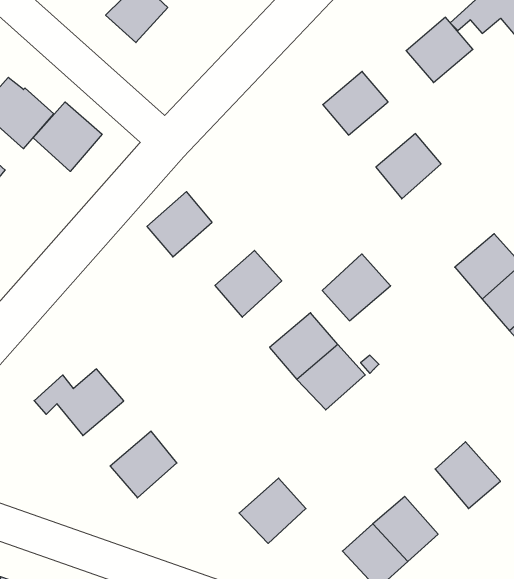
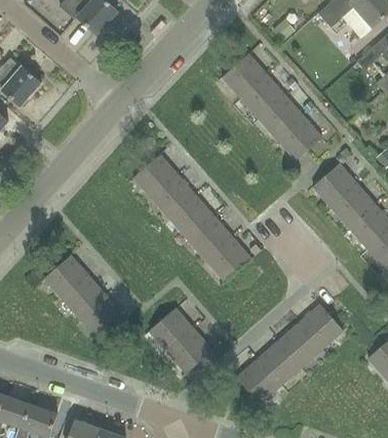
building: [406,17,473,83] -> [241,75,286,119]
building: [33,102,102,171] -> none
building: none -> [277,117,322,161]
building: [147,192,212,257] -> [133,155,178,199]
building: [322,254,391,321] -> [169,196,216,241]
building: none -> [62,277,108,321]
building: none -> [149,308,194,353]
building: none -> [279,323,322,367]

